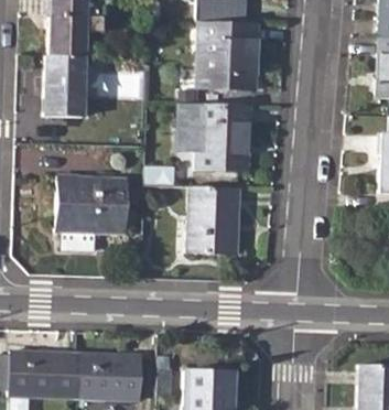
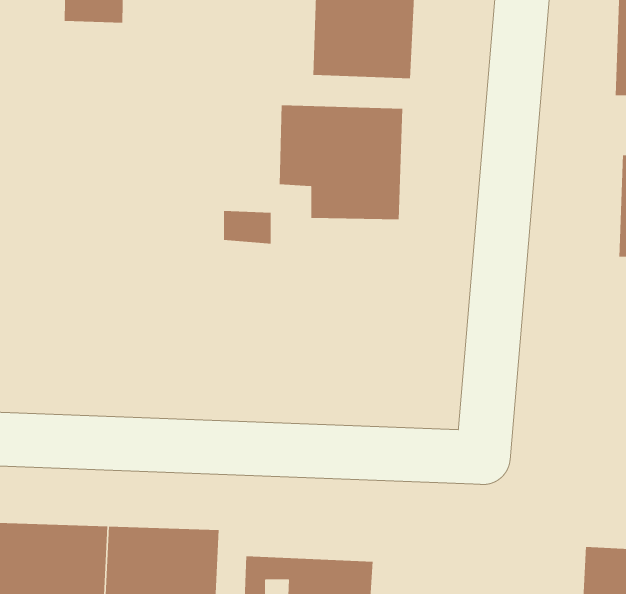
building: [44,54,85,117] -> none
building: [55,176,128,235] -> none
building: [188,186,240,255] -> none

